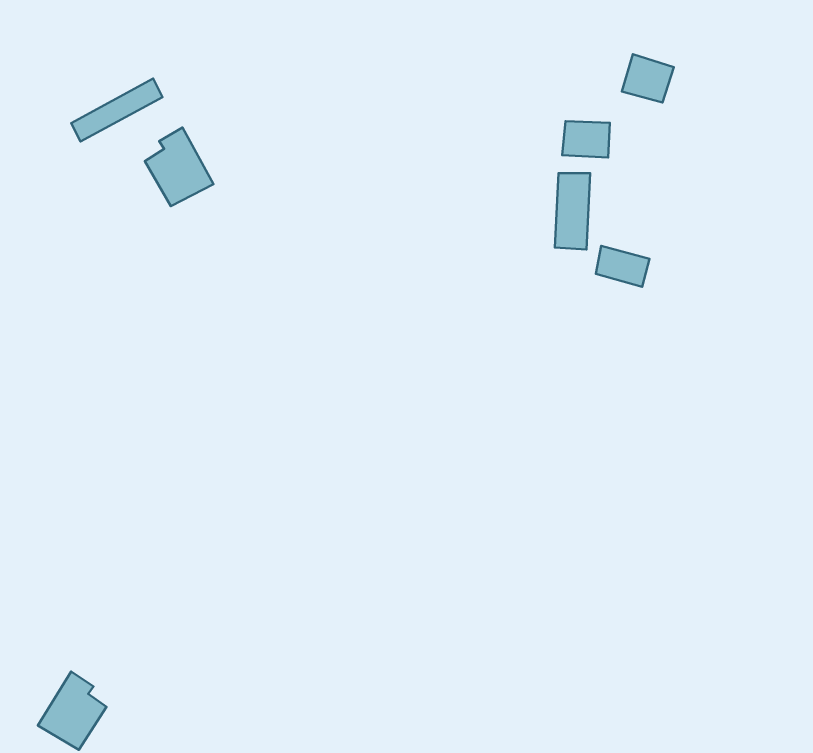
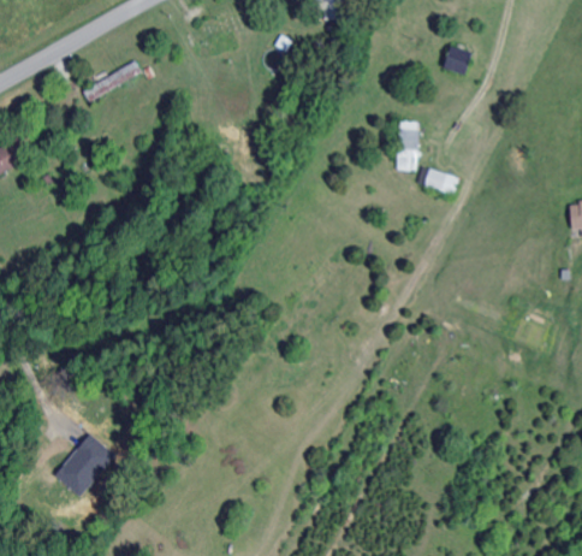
building: [562,121,610,157] -> none
building: [145,127,213,206] -> none

